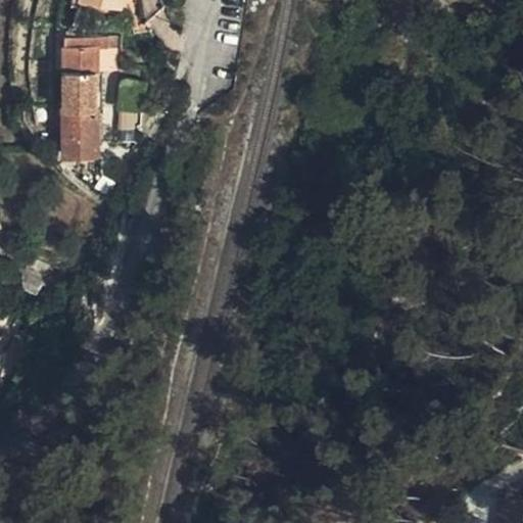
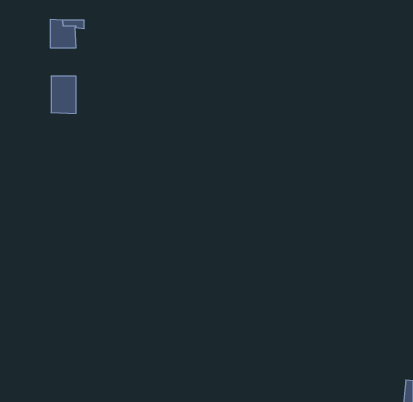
building: [63,76,96,111] -> none

